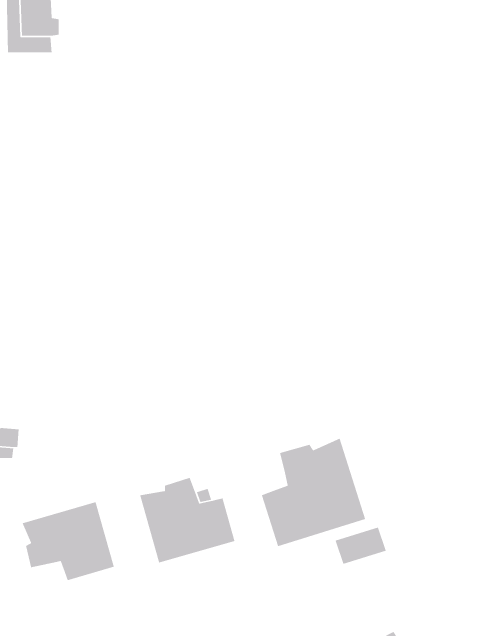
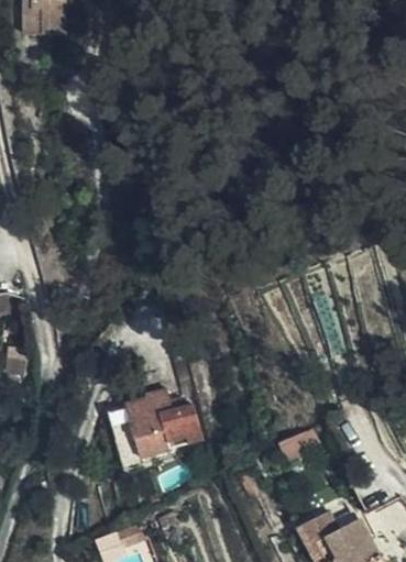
building: [261,437,366,547] -> none
building: [21,501,115,581] -> none

